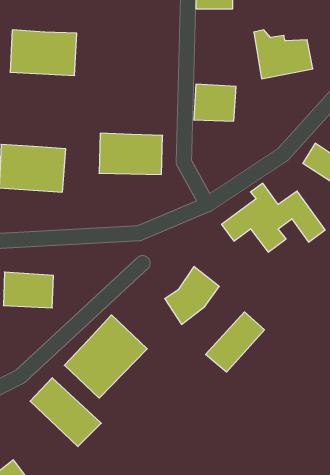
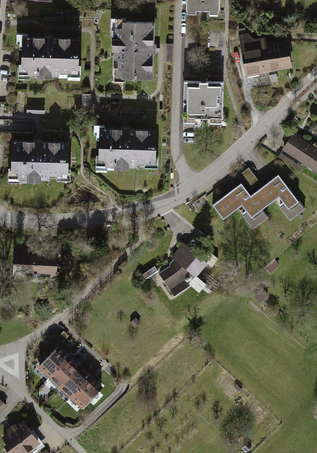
building: none -> [118,19,153,77]
building: [206,312,264,372] -> none
building: [64,315,147,398] -> none

